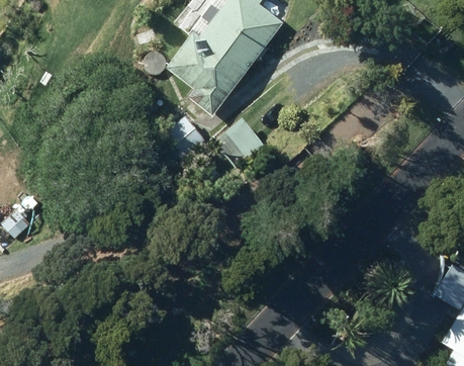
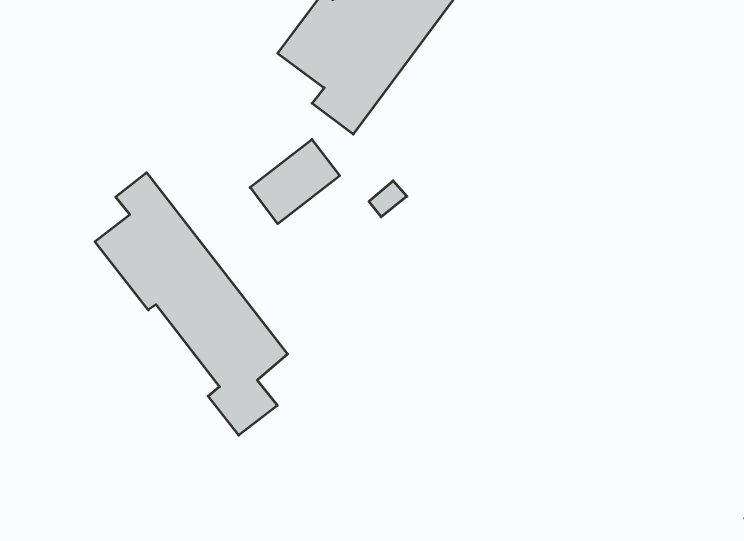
building: none -> [95,173,288,435]

